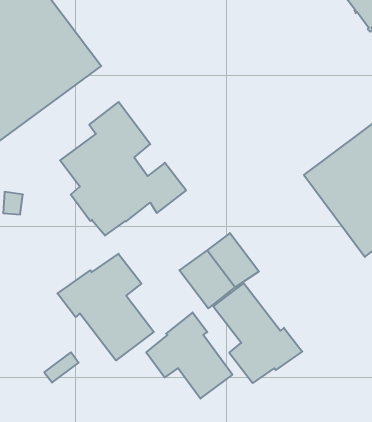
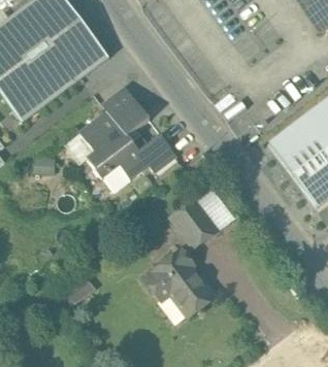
building: [57,254,154,360] -> none
building: [213,283,302,383] -> none

